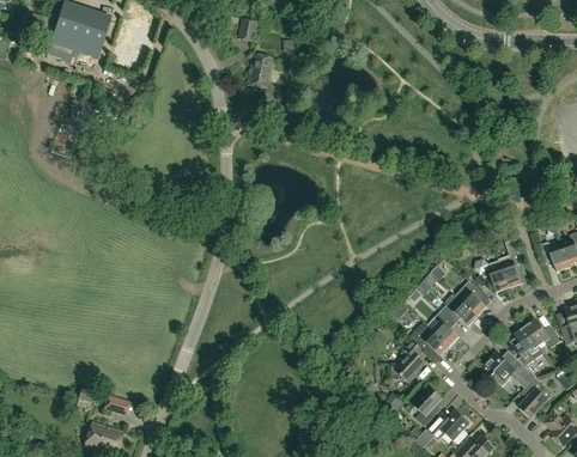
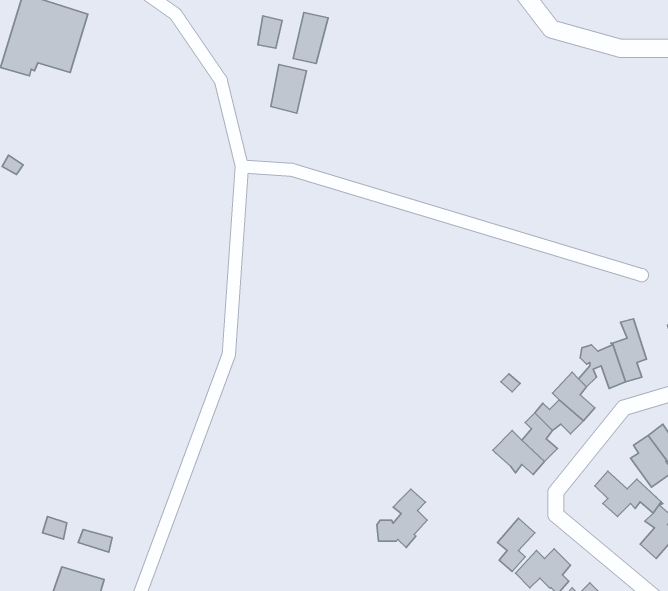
building: none -> [293,12,328,63]
building: [388,340,425,383] -> [377,489,427,548]

